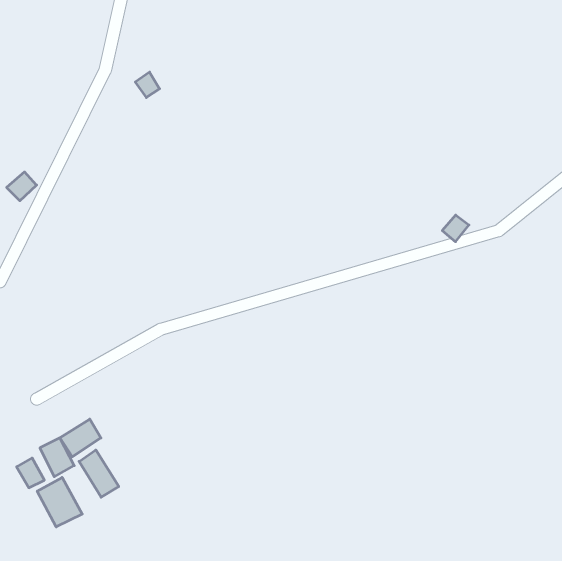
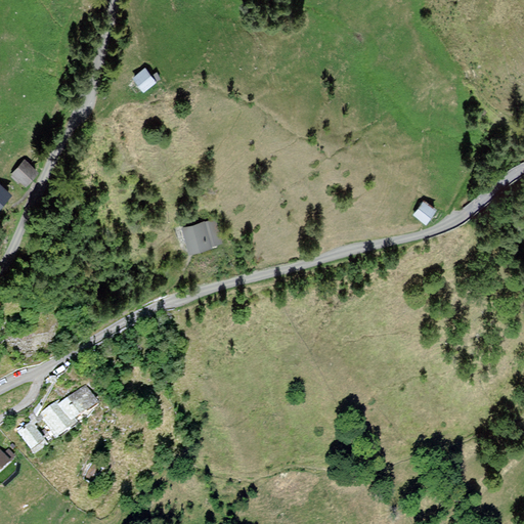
building: none -> [183,219,221,253]
building: [79,450,119,497] -> none
building: [37,477,82,527] -> none

